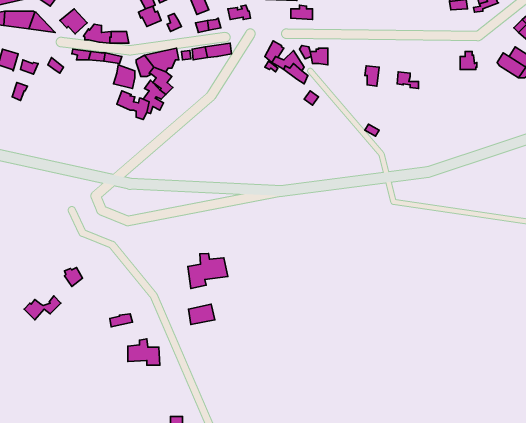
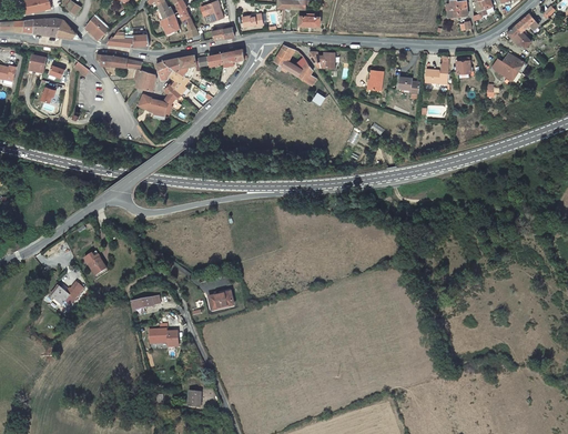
building: none -> [423,55,448,84]
building: [188,253,228,288] -> none

